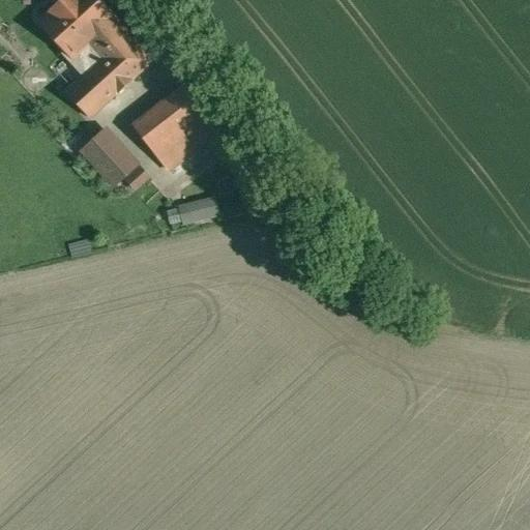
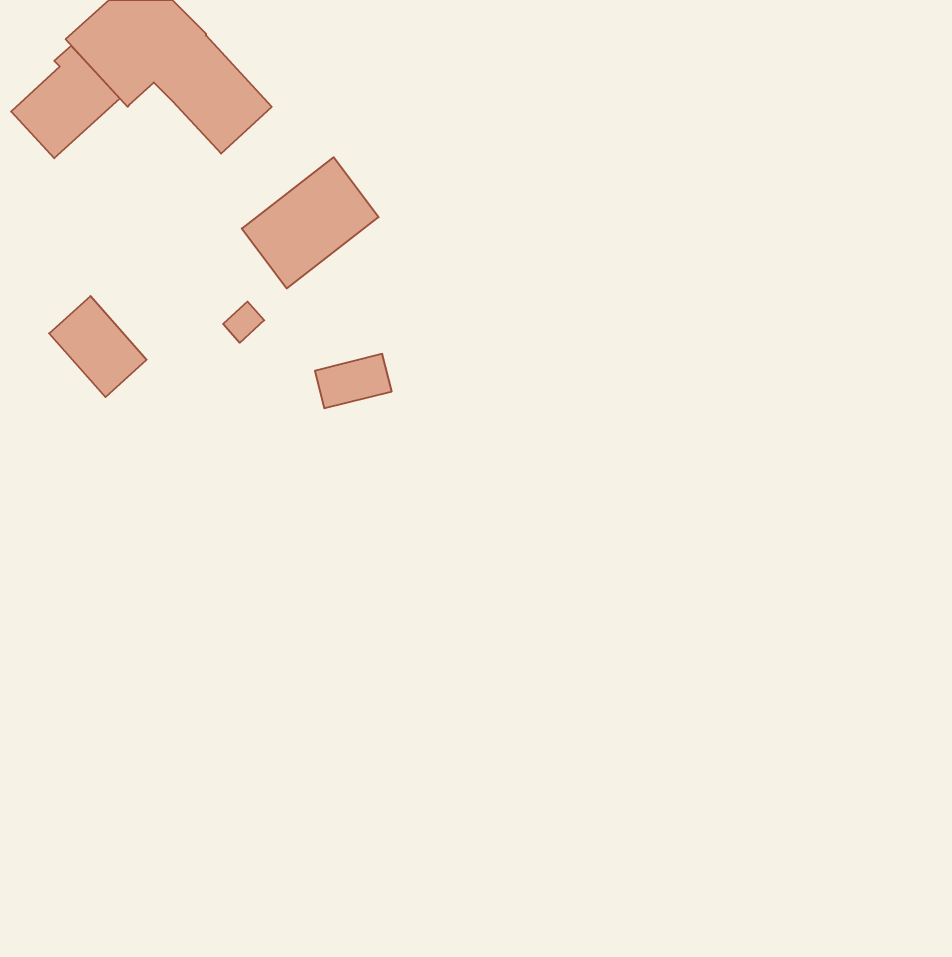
building: [62,56,122,118] -> [11,46,120,158]
building: [80,129,134,185] -> [49,296,147,397]

